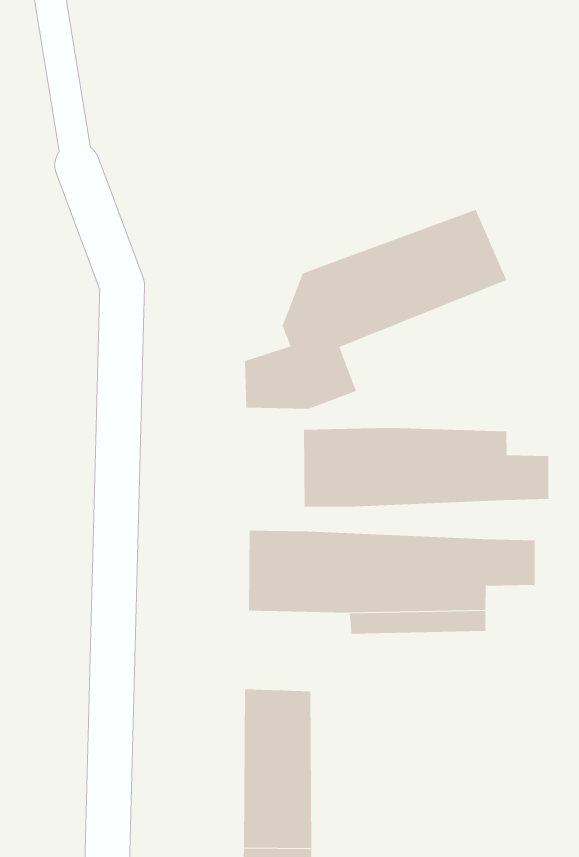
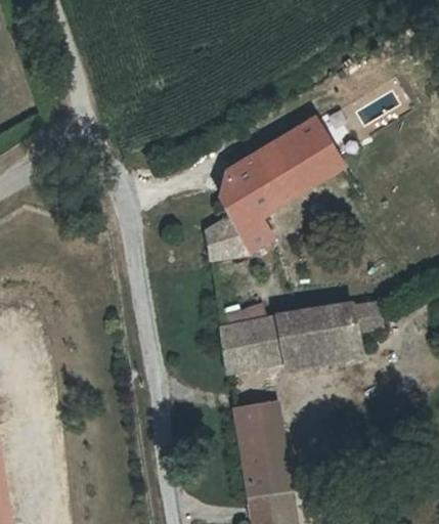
building: [304,427,549,508] -> none

